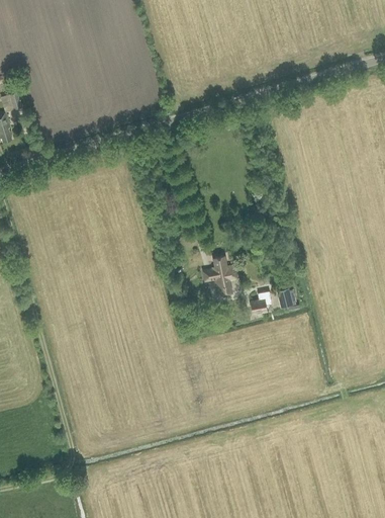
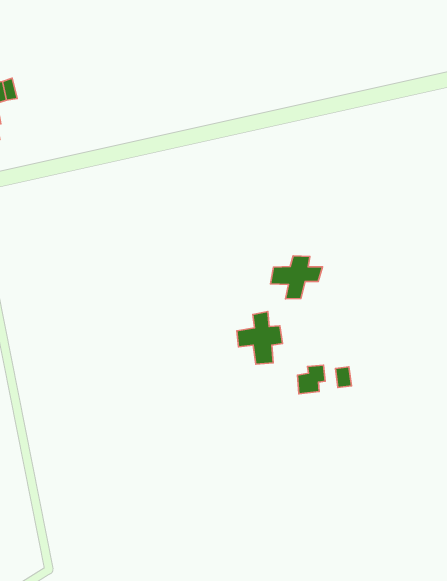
building: none -> [271,256,322,299]

